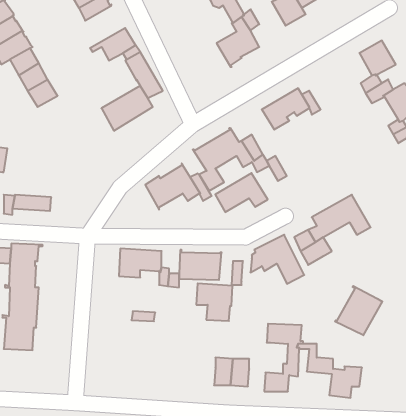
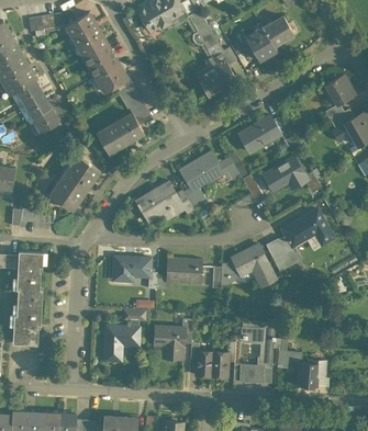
building: none -> [83,44,119,77]
building: none -> [49,156,100,212]
building: [215,173,268,212] -> [263,157,309,191]
building: [196,283,233,321] -> [154,327,186,360]
building: [335,286,382,335] -> none
building: none -> [104,326,140,362]

